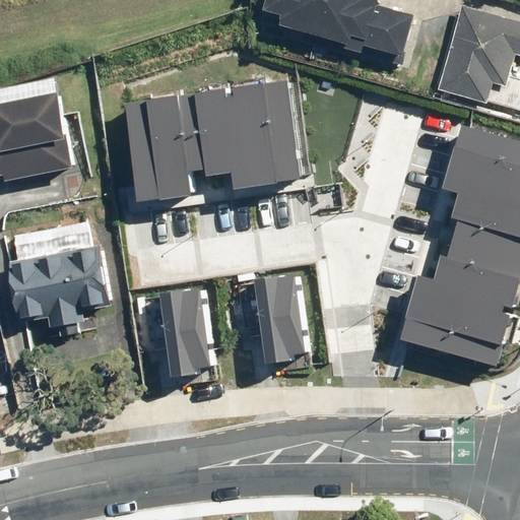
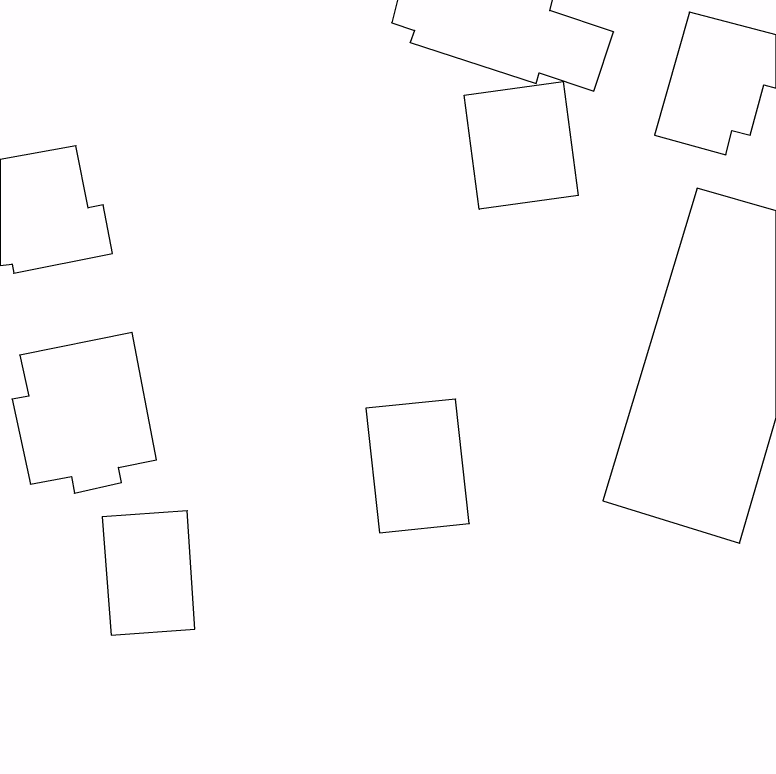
building: none -> [464,82,578,209]
building: [124,76,306,192] -> none
building: [157,286,219,370] -> [102,511,195,635]

